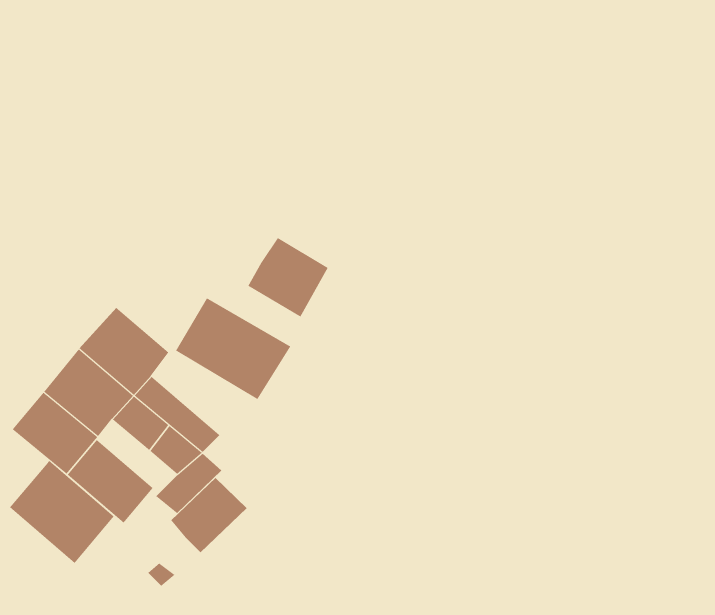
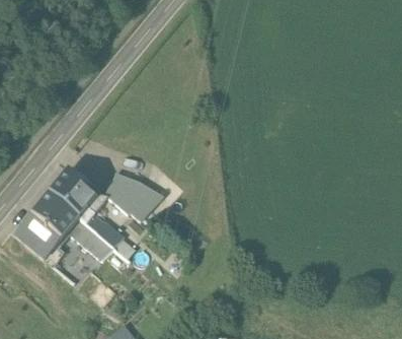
building: [247,237,329,318] -> none
building: [9,460,115,564] -> none
building: [170,477,247,553] -> none

